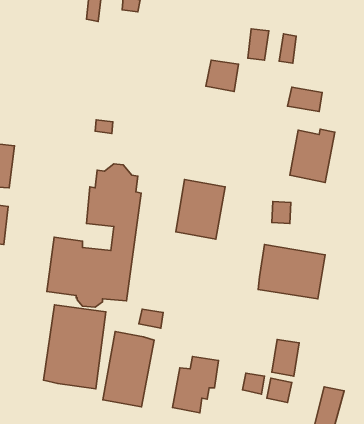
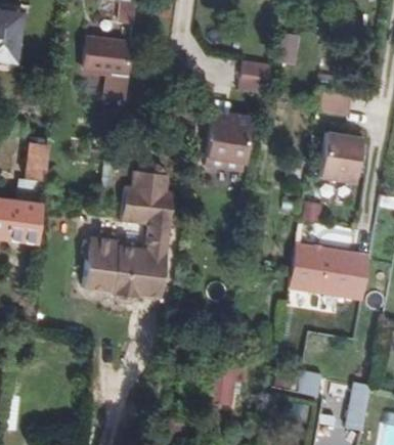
building: none -> [85,37,132,98]
building: [176,179,225,239] -> [202,114,250,172]
building: [44,305,106,389] -> none
building: [103,332,154,407] -> none

